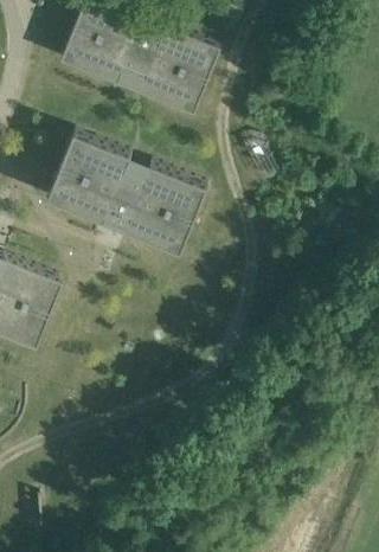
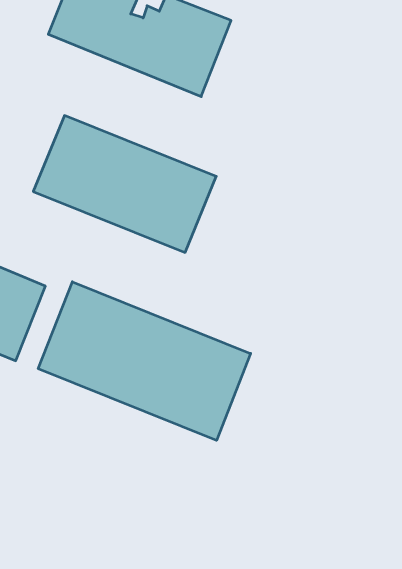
building: none -> [38,282,251,440]

